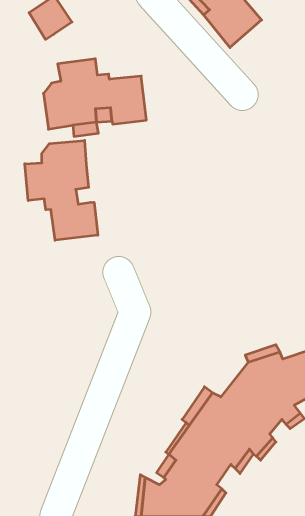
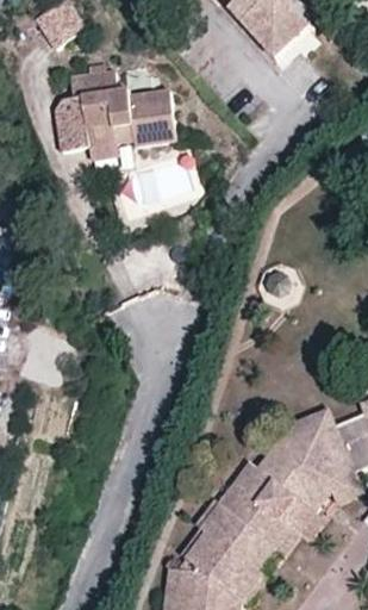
building: [25,140,98,240] -> none

